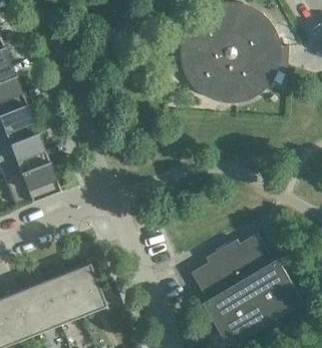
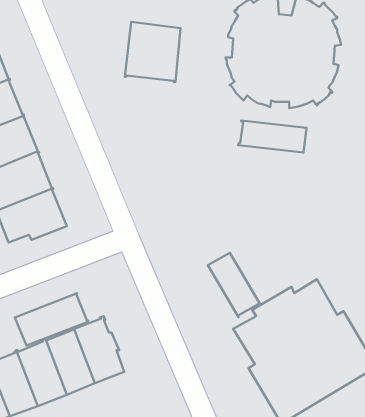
building: none -> [125,22,180,82]
building: none -> [238,121,306,153]
building: none -> [208,253,261,317]
building: none -> [15,293,88,345]

